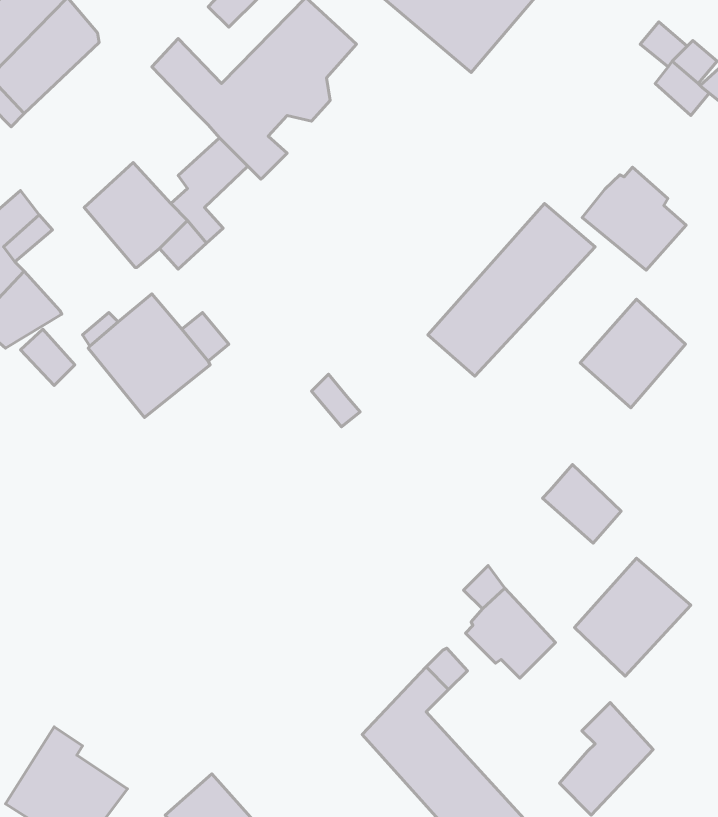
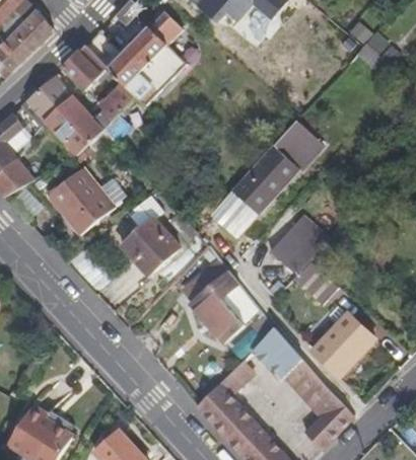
building: none -> [62,46,107,91]
building: none -> [20,76,73,127]
building: [582,167,686,270] -> none
building: [580,299,685,408] -> [271,216,328,275]
building: none -> [213,190,258,235]
building: none -> [122,218,180,275]
building: none -> [186,271,244,346]
building: none -> [282,357,331,415]

